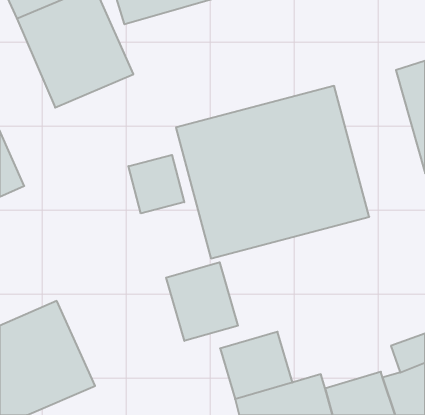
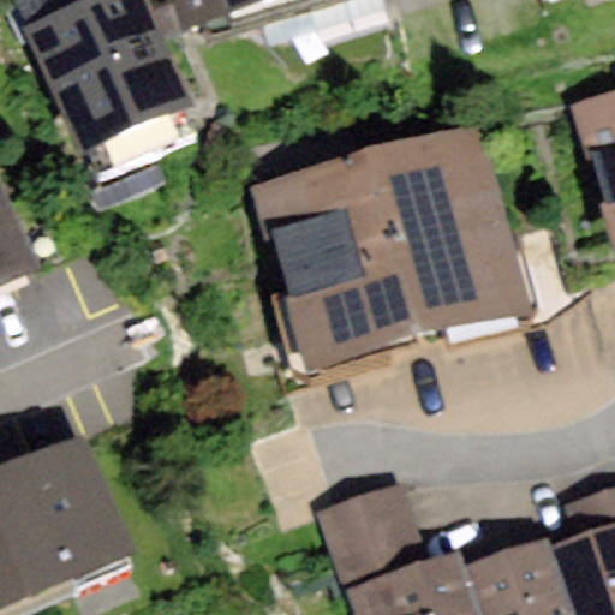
building: [128,155,184,213] -> none
building: [166,262,238,341] -> none

